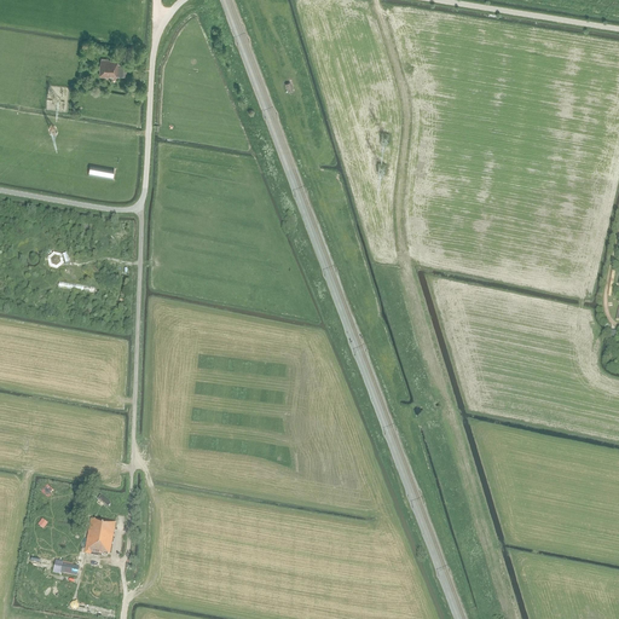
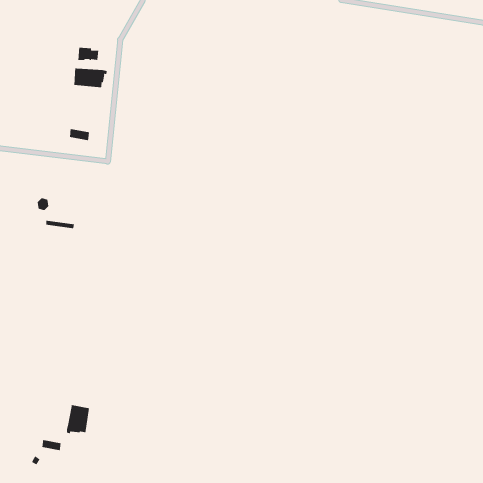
building: none -> [74,67,107,88]

